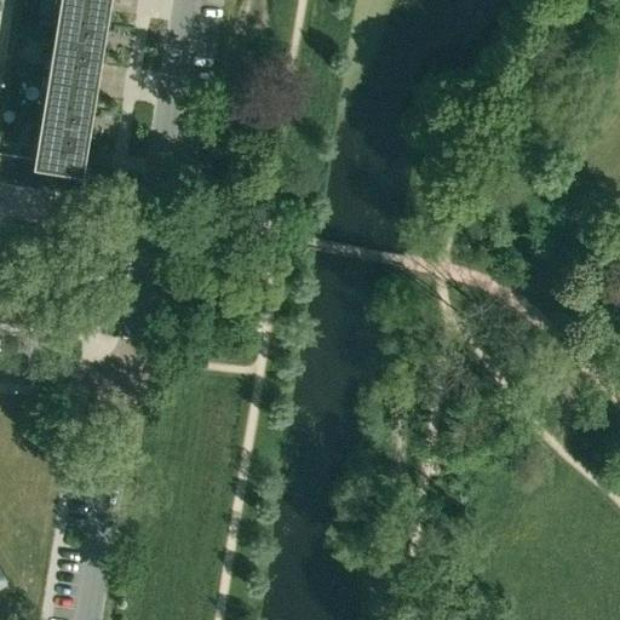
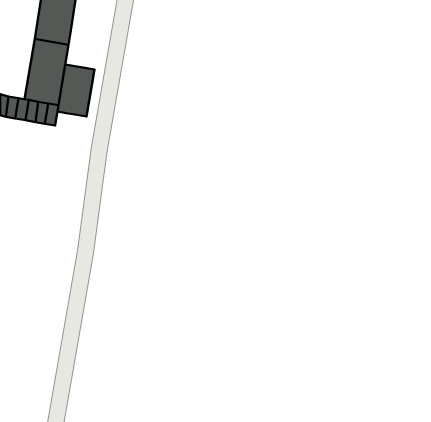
building: none -> [57,65,95,116]

